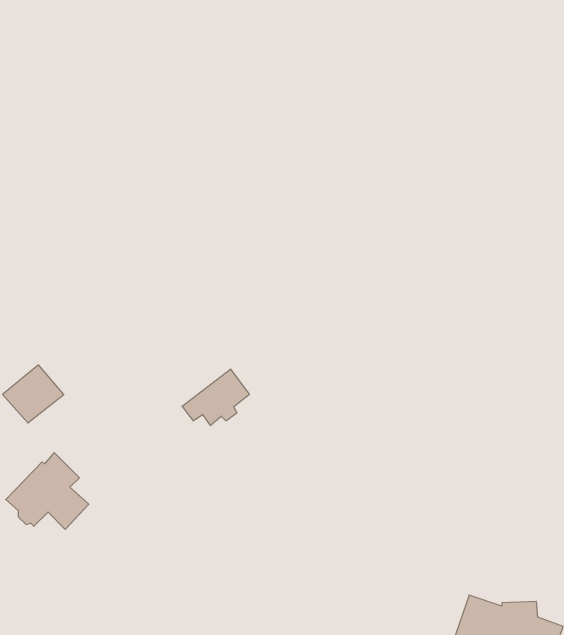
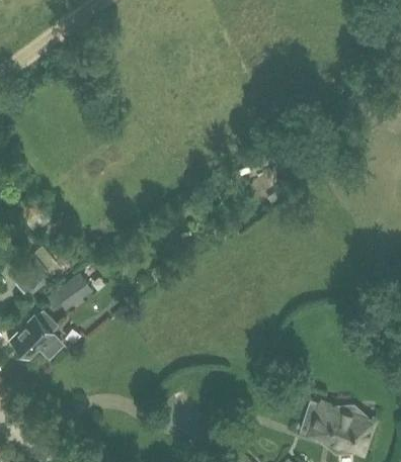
building: [182,369,249,425] -> [49,274,92,310]

